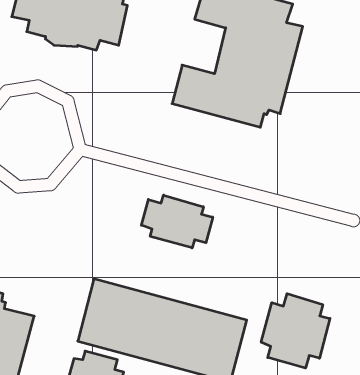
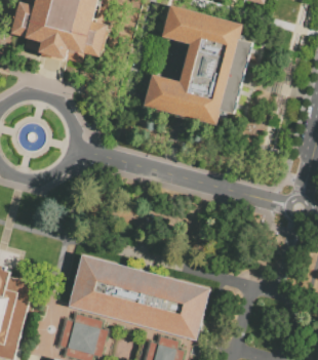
building: [141,195,213,248] -> none
building: [261,294,330,368] -> none

